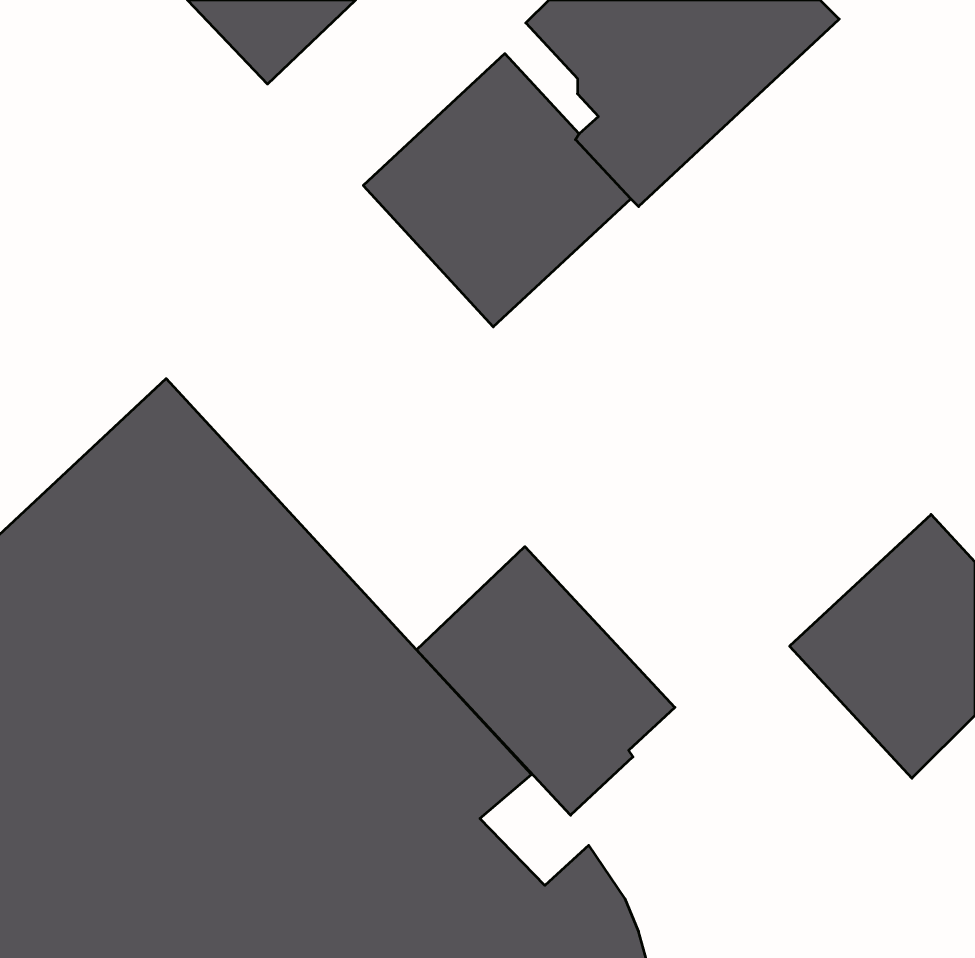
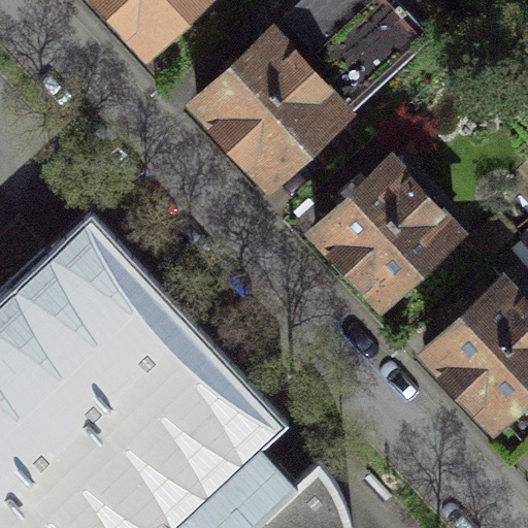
building: none -> [312,166,456,308]
building: [416,547,675,815] -> none

